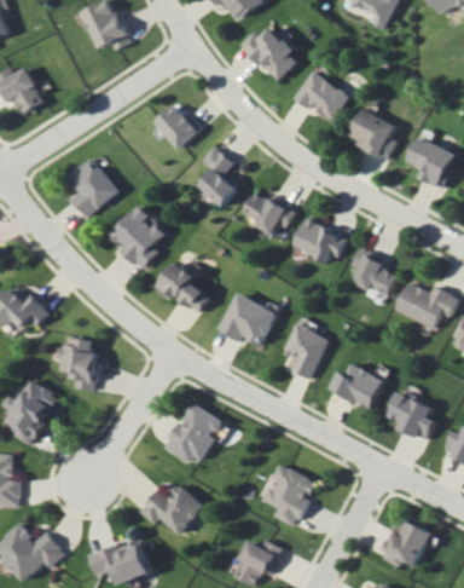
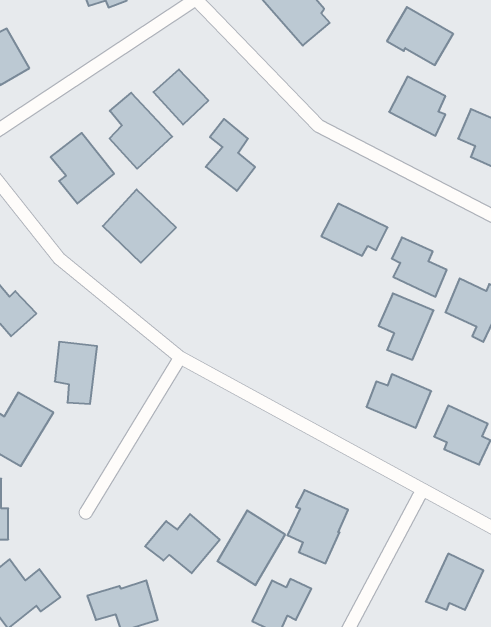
building: [295,71,352,121] -> [387,7,453,65]
building: none -> [110,93,172,169]
building: [237,191,295,234] -> none
building: [157,261,210,313] -> none
building: [217,293,278,347] -> none
building: [284,323,331,380] -> [379,293,434,360]
building: [167,402,225,466] -> [217,510,285,585]

